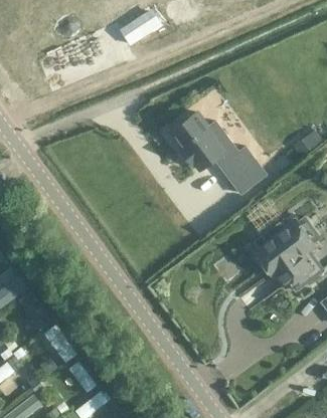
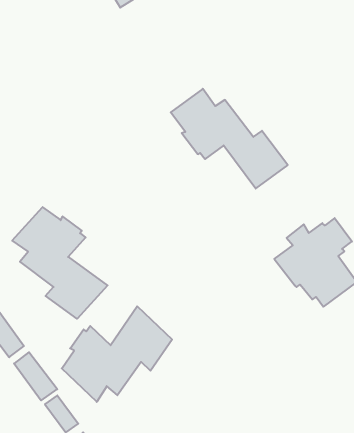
building: none -> [12,207,108,319]
building: none -> [62,306,172,402]

